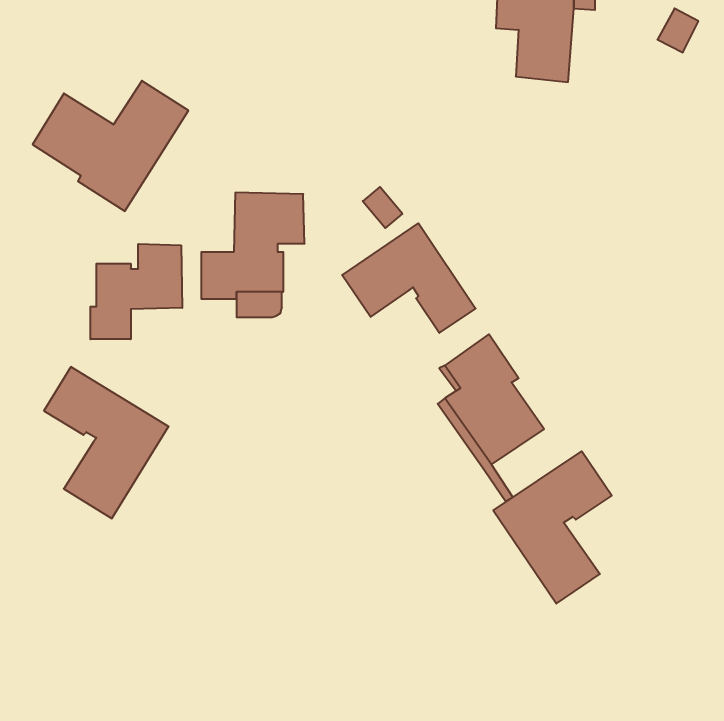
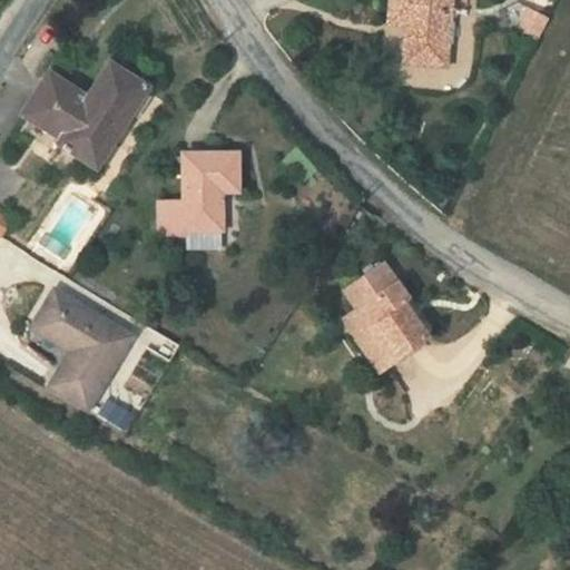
building: [342,223,476,333] -> none
building: [90,244,182,339] -> none
building: [493,451,612,604] -> none

